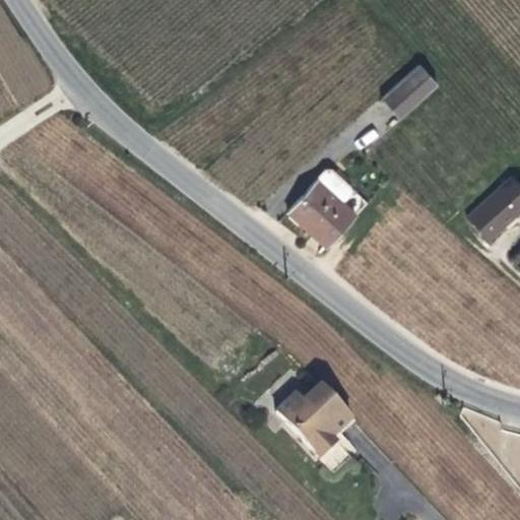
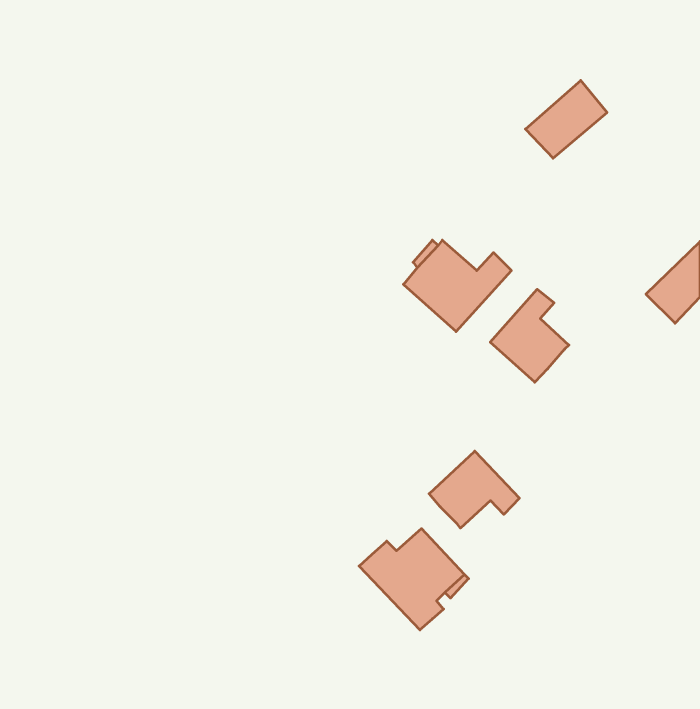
building: none -> [490,289,569,382]
building: none -> [429,451,519,528]

